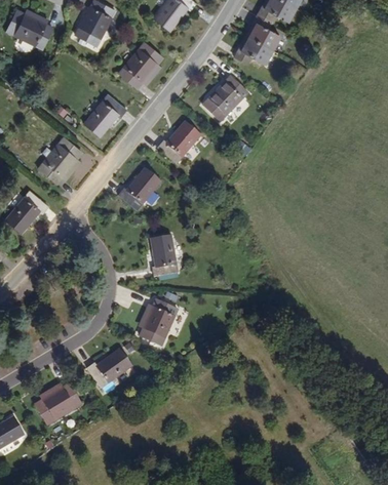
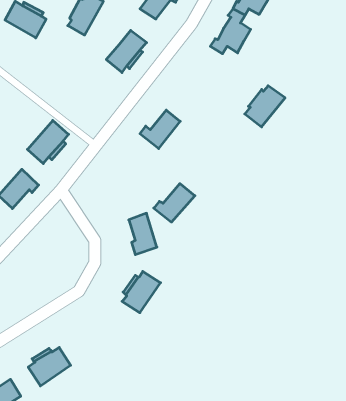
building: [202,77,246,122] -> [245,86,285,127]
building: [84,91,129,134] -> none
building: [120,169,165,211] -> [154,184,195,222]
building: [86,352,131,390] -> none

